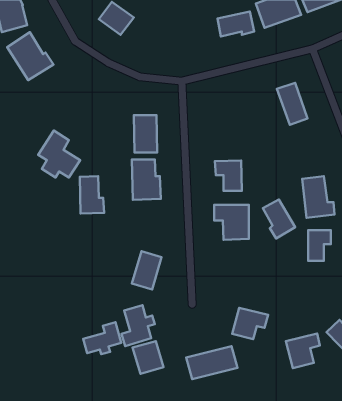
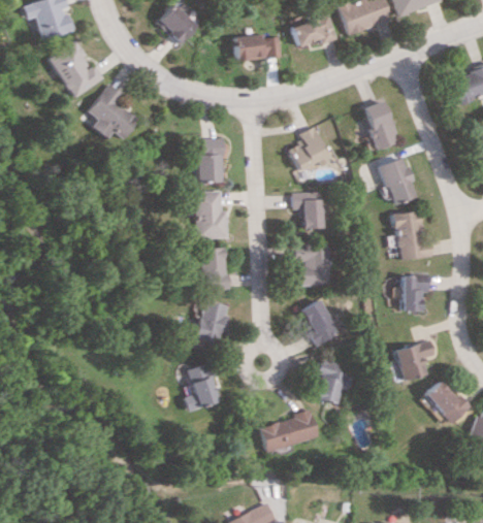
building: none -> [236,36,282,61]
building: none -> [290,127,333,171]
building: [38,131,80,178] -> [87,84,136,139]
building: none -> [381,158,420,206]
building: [80,176,104,214] -> [200,248,229,292]
building: [263,199,295,239] -> [301,300,340,347]
building: [83,322,121,354] -> none
building: [286,333,320,368] -> [394,340,434,382]
building: [133,341,164,374] -> none

